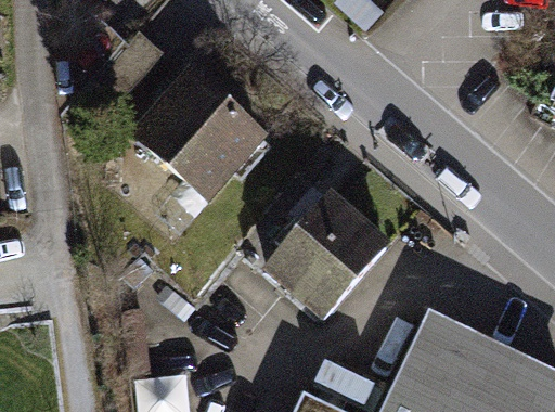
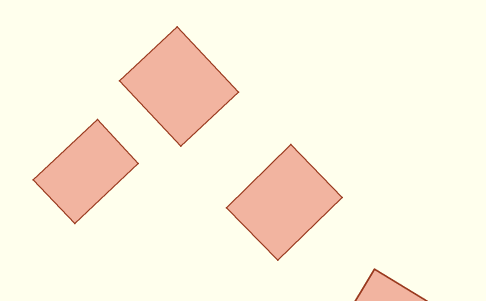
building: none -> [33,120,138,224]

